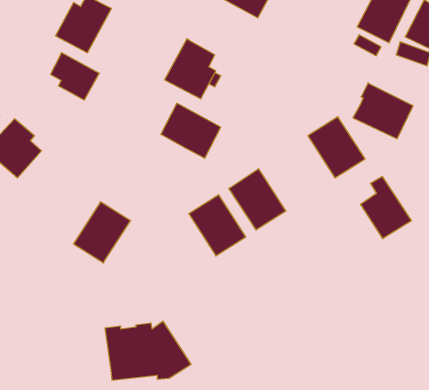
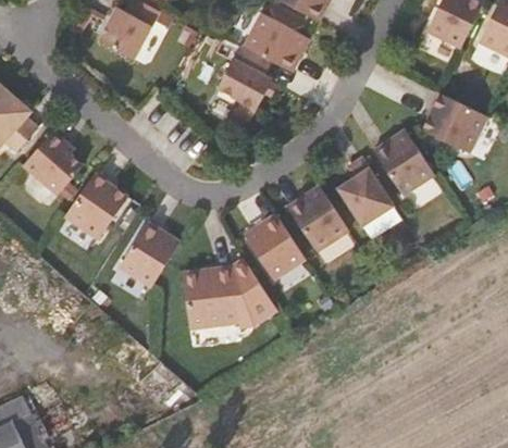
building: [51,53,99,100] -> none
building: [161,103,221,158] -> [244,12,309,72]
building: none -> [64,170,127,239]
building: [360,177,411,239] -> [337,158,393,225]
building: [105,321,191,380] -> [184,264,277,328]

